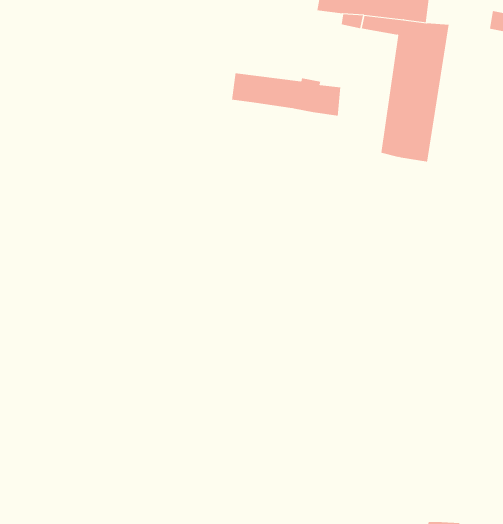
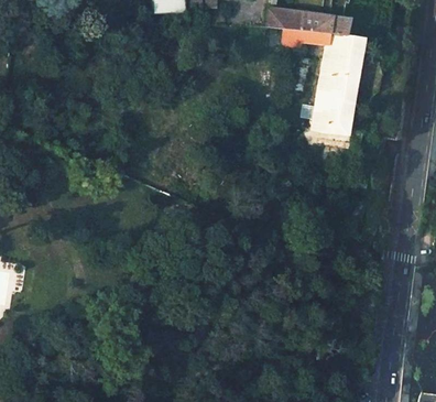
building: [231,73,341,117] -> none

